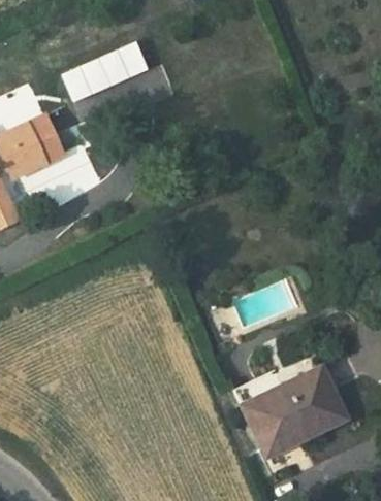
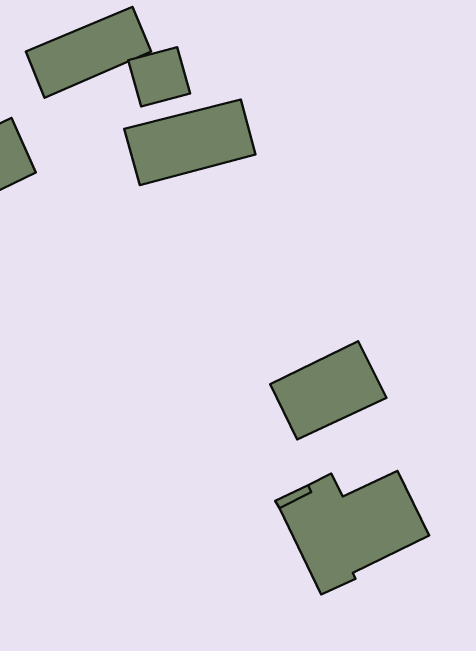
building: none -> [124,99,255,185]
building: none -> [270,341,386,439]

